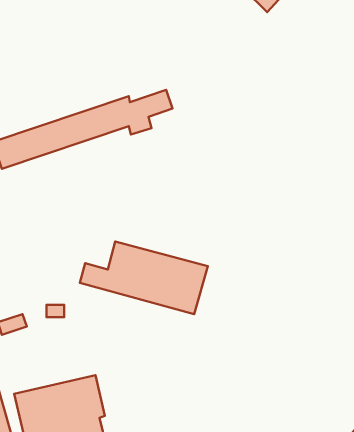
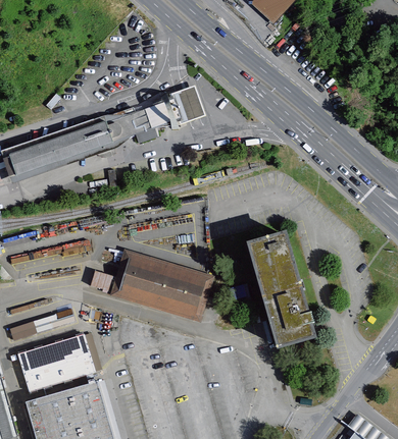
building: none -> [170,87,206,124]
building: none -> [247,234,308,346]
building: none -> [16,333,101,391]

